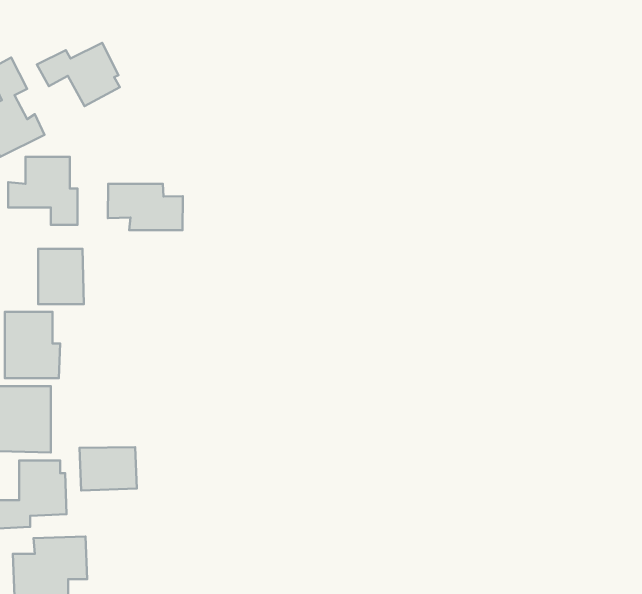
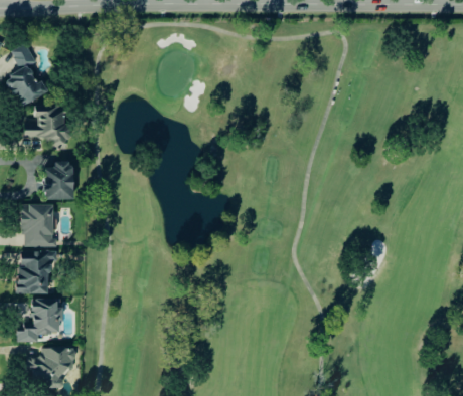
building: [37,43,120,106] -> none
building: [108,184,183,230] -> none
building: [80,447,137,491] -> none

